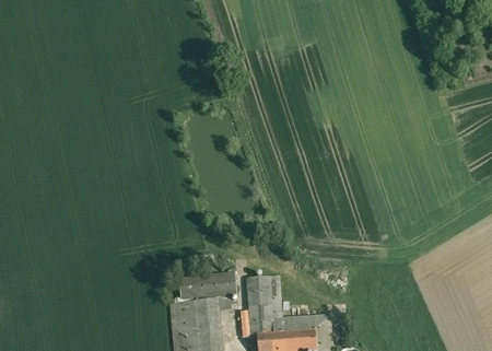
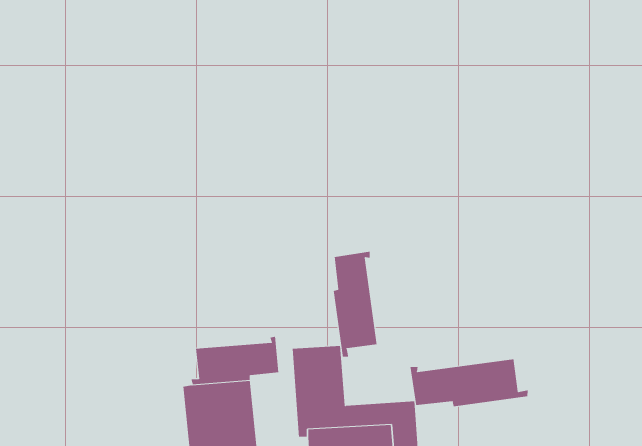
building: none -> [333,251,377,358]
building: none -> [410,359,528,407]

